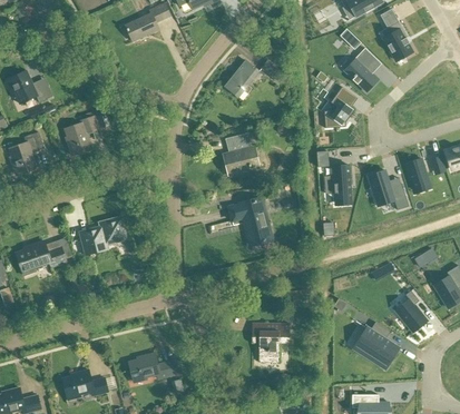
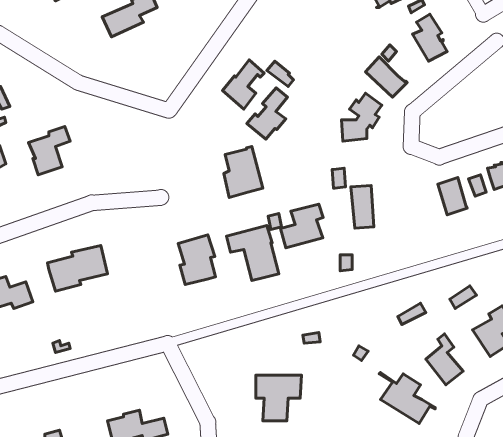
building: none -> [247,88,288,139]
building: [368,170,409,209] -> none
building: none -> [281,204,323,248]
building: none -> [178,235,216,284]

